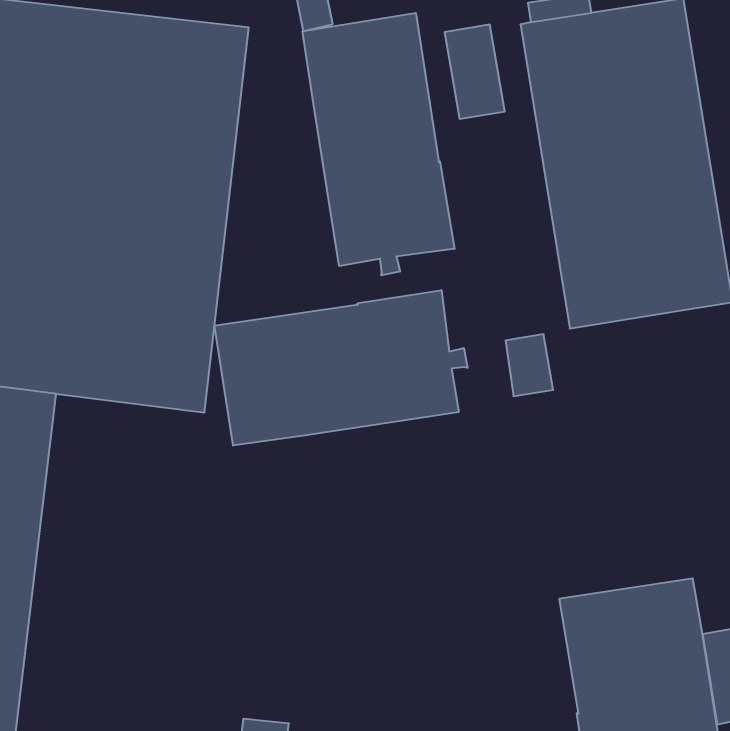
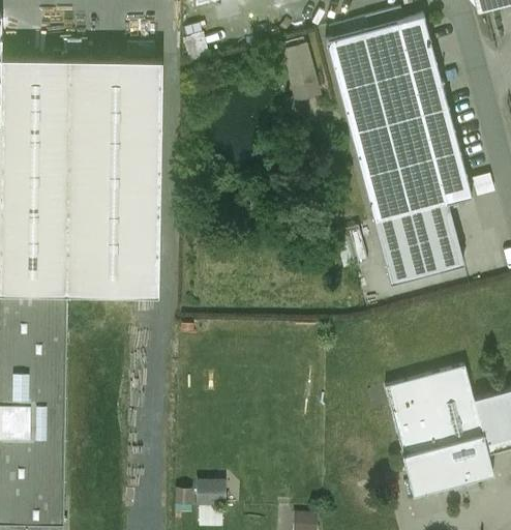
building: [303,13,454,275] -> none
building: [214,290,468,446] -> none
building: none -> [373,205,463,285]

